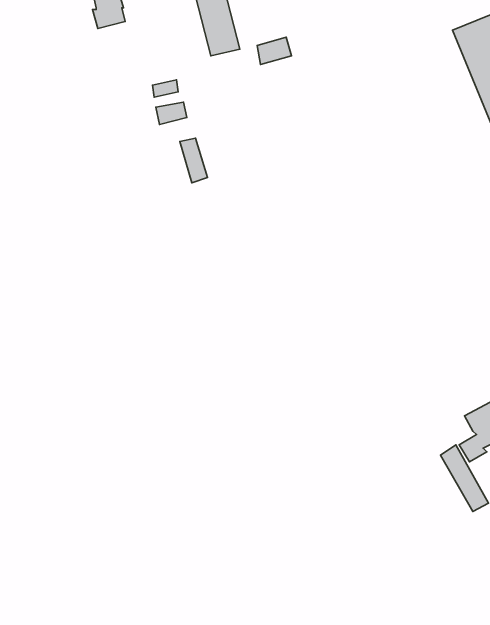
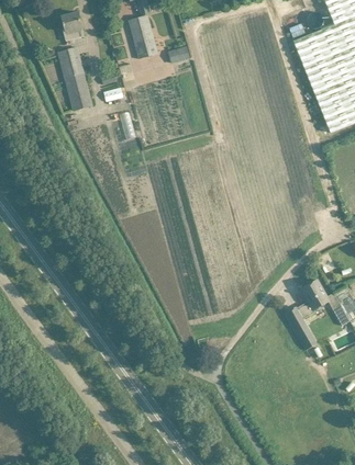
building: none -> [58,47,92,111]

